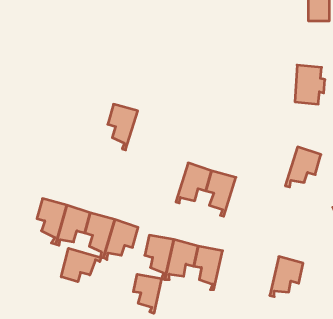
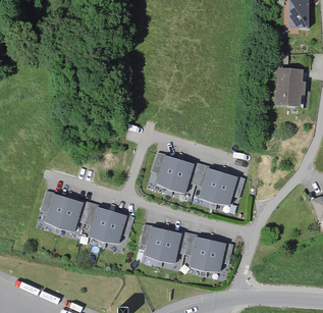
building: [108,104,138,150] -> [152,153,179,195]
building: [285,147,321,187] -> [212,172,245,209]
building: [61,248,101,282] -> none
building: [270,257,303,297] -> [203,240,233,276]
building: [133,274,161,313] -> none

